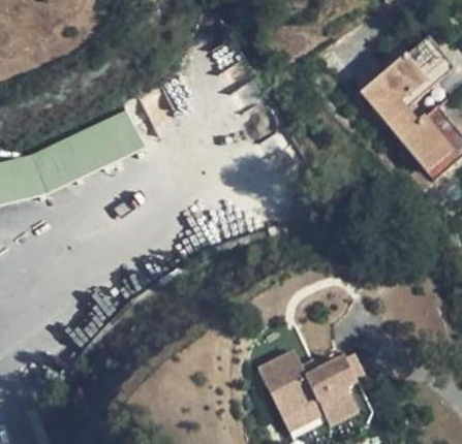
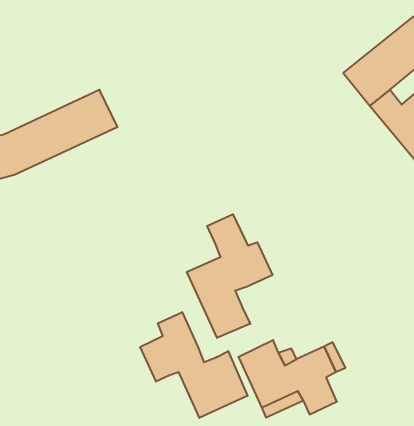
building: none -> [187,214,272,338]
building: none -> [140,312,248,418]

